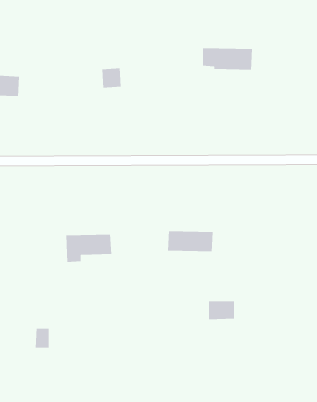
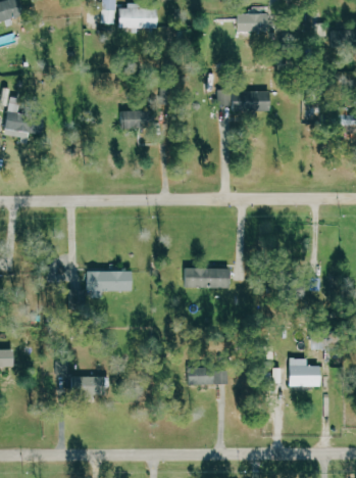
building: [208,301,235,320] -> [188,368,213,386]
building: none -> [290,358,321,386]
building: none -> [74,377,106,398]

